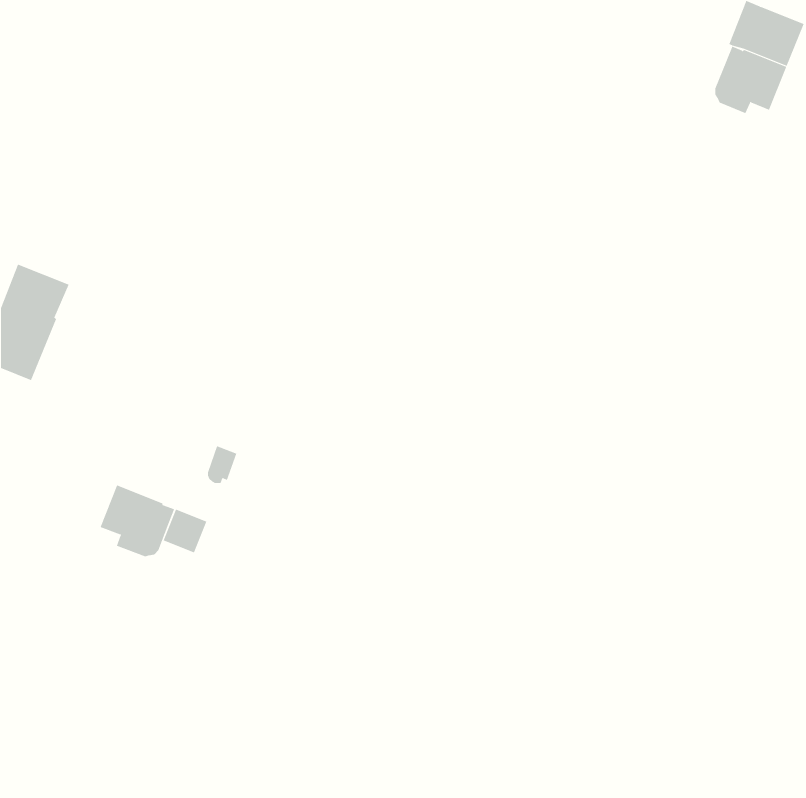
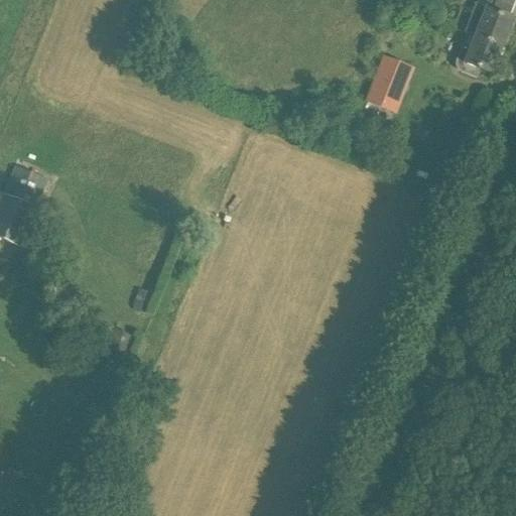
building: none -> [367,53,412,108]
building: [100,485,175,557] -> none

